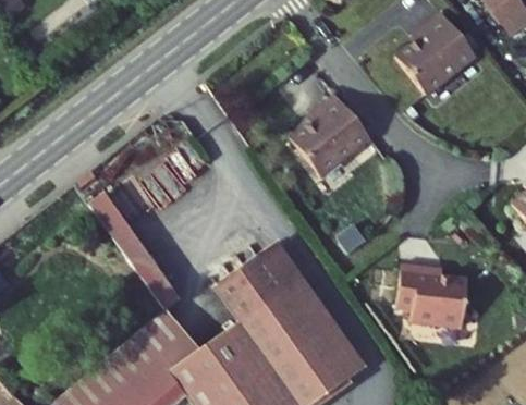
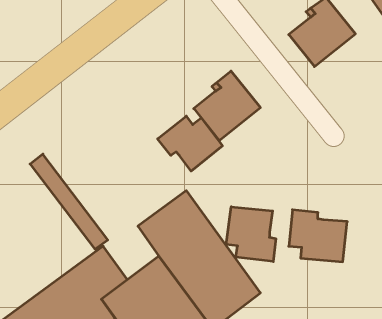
building: none -> [158,116,222,171]
building: none -> [226,207,276,262]

